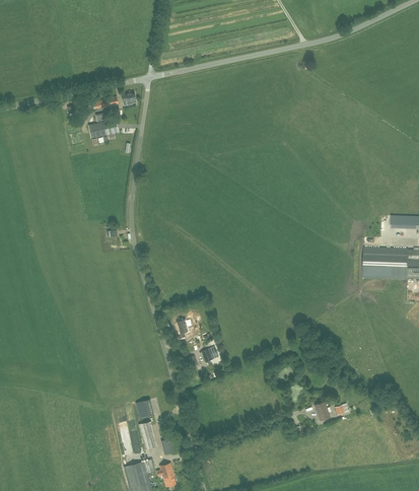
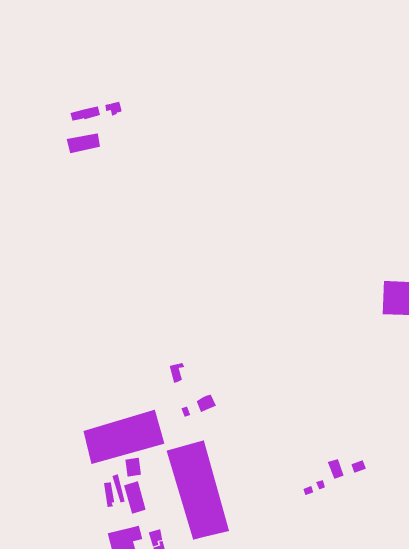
building: none -> [83,409,165,465]
building: none -> [166,439,230,541]

